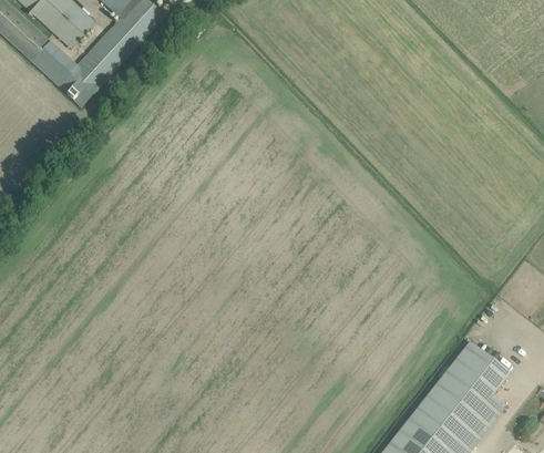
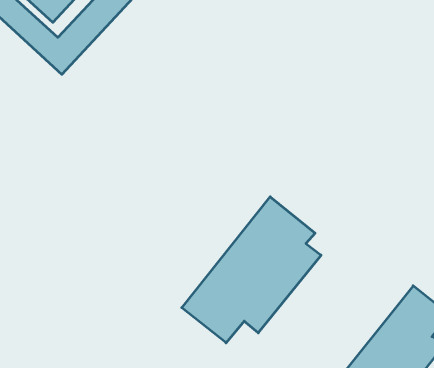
building: none -> [182,197,321,343]

